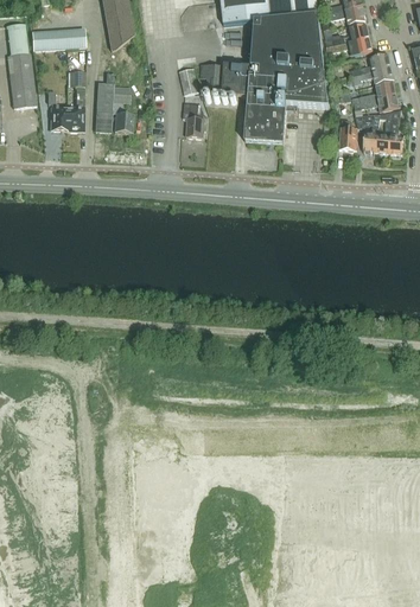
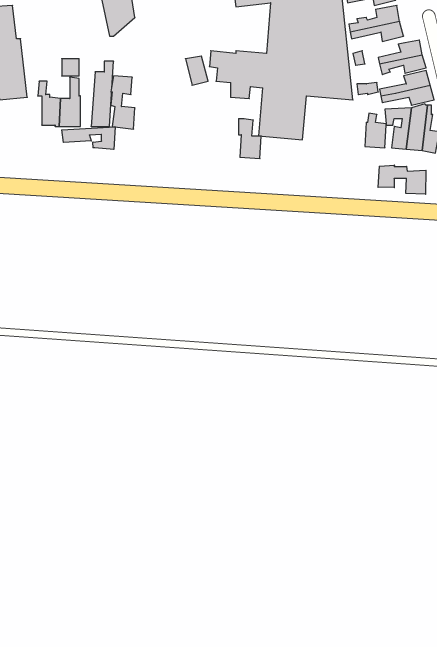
building: [32,28,85,50] -> none
building: [185,102,205,138] -> [239,119,261,159]
building: none -> [62,127,115,149]
building: none -> [378,165,426,194]

